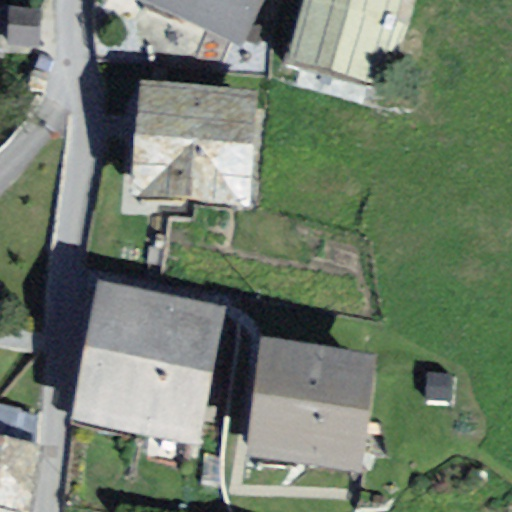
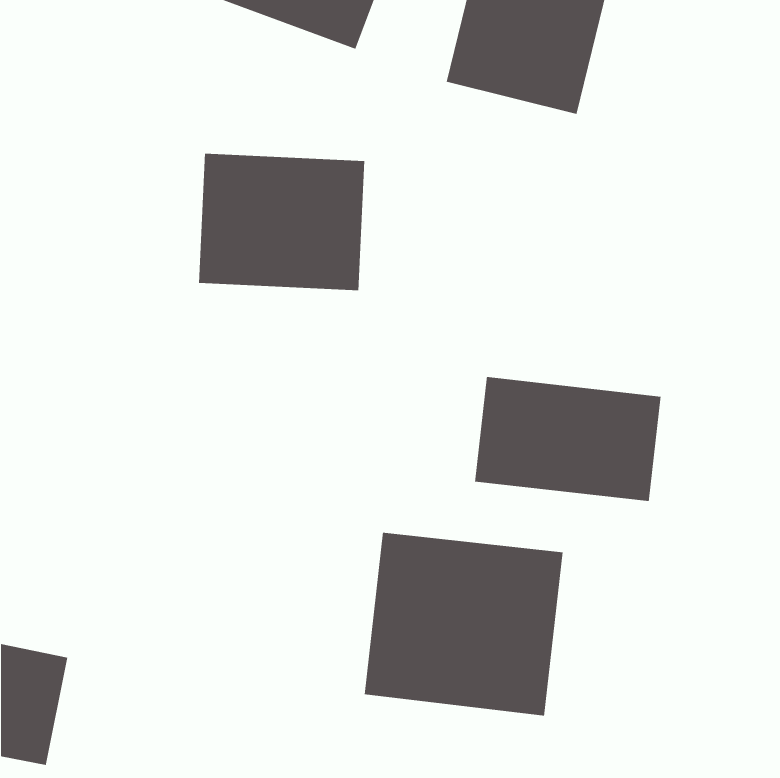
building: none -> [475,376,661,502]
building: [74,294,217,439] -> none

